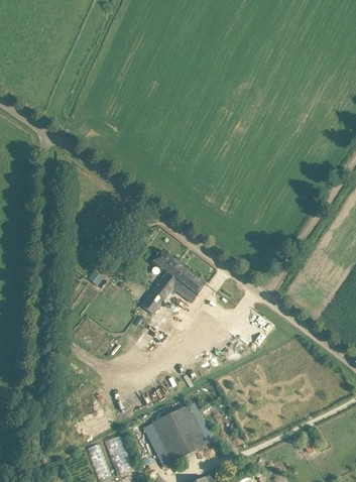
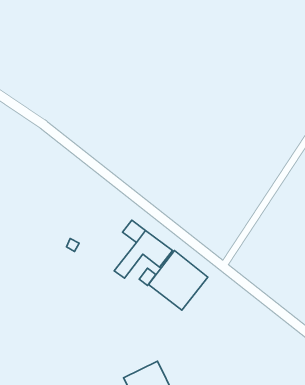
building: none -> [148,250,208,310]

